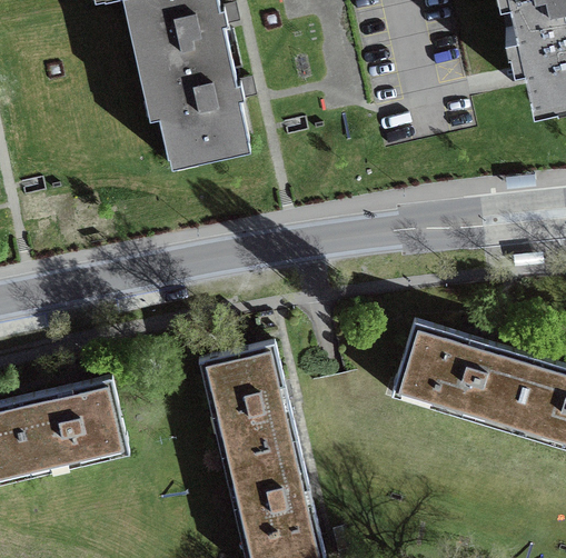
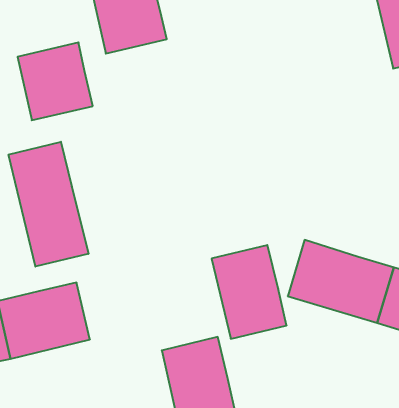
building: [150,54,250,158] -> [18,42,93,120]
building: none -> [9,142,88,267]
building: [199,343,299,468] -> [212,245,287,339]

